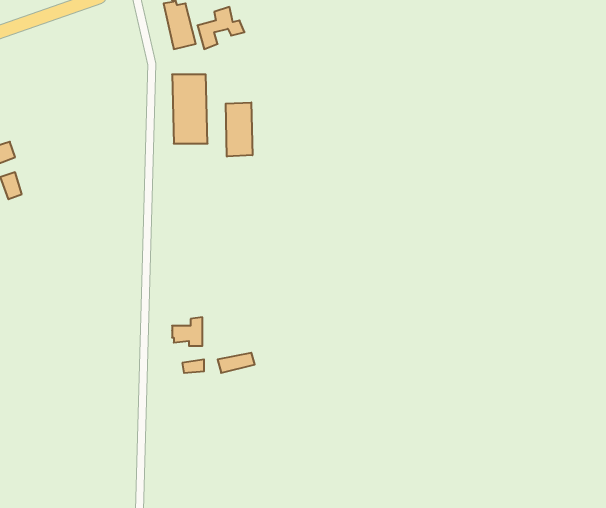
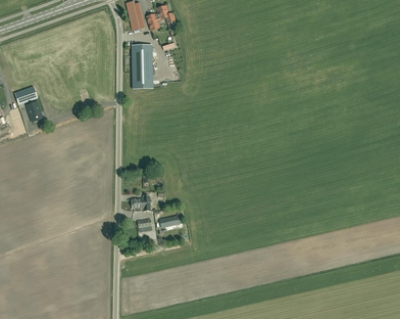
building: [226,102,252,157] -> none

